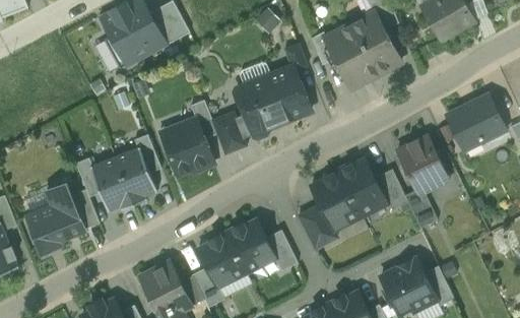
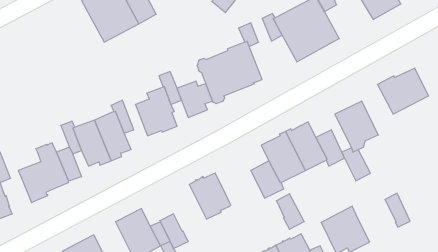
building: [265,230,298,271] -> [276,194,304,229]
building: [197,233,246,288] -> none
building: [424,266,453,306] -> [385,193,410,227]

